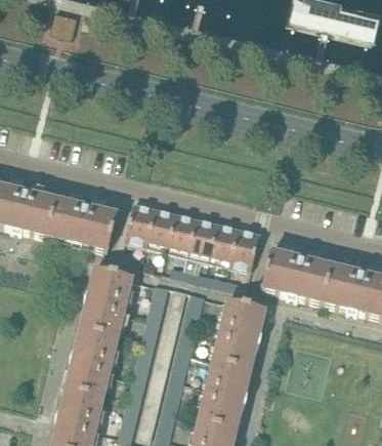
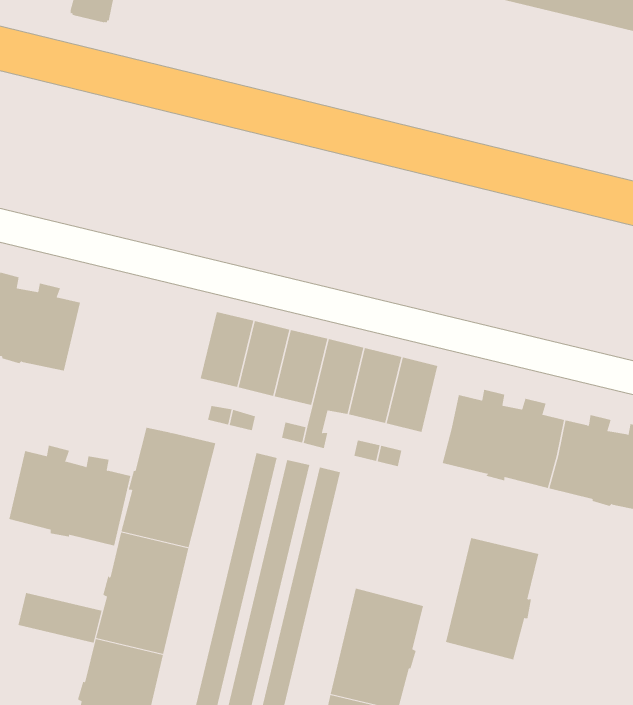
building: [47,194,117,251] -> [8,445,131,546]
building: [212,299,265,369] -> [445,537,539,660]
building: none -> [18,592,102,643]

